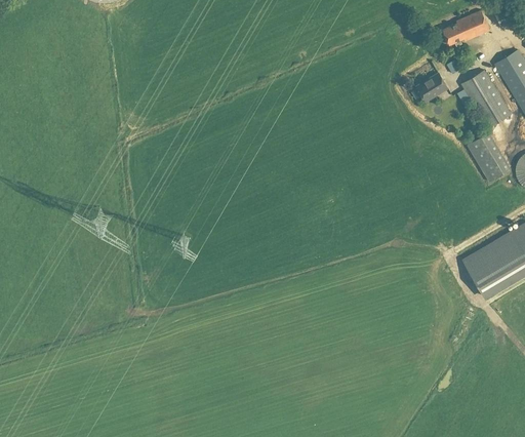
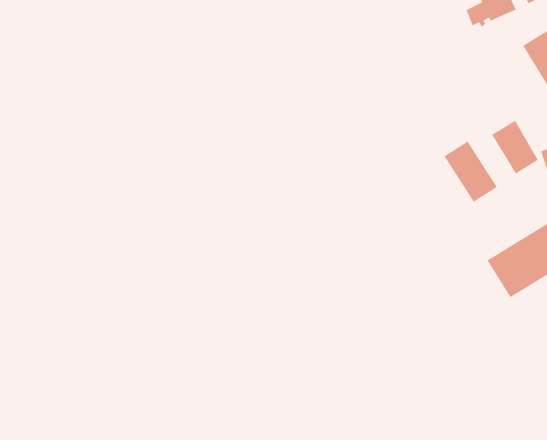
building: [461,70,512,127] -> [443,141,498,203]
building: [415,71,448,102] -> none

